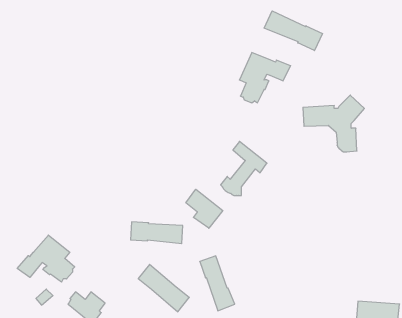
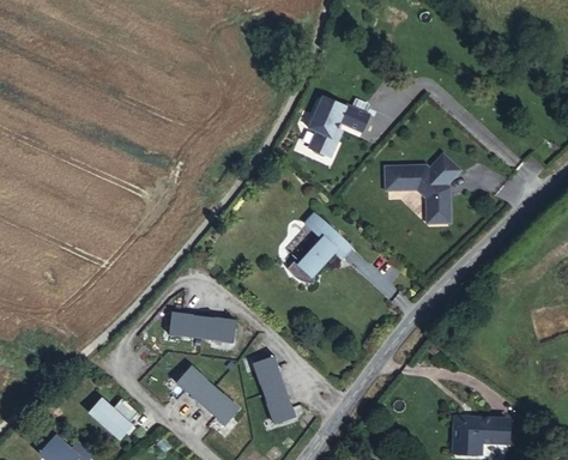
building: [264,11,323,51] -> none
building: [186,189,223,228] -> none
building: [17,235,75,282] -> none

